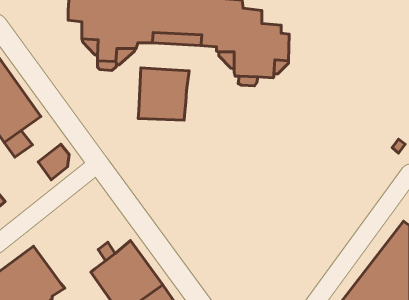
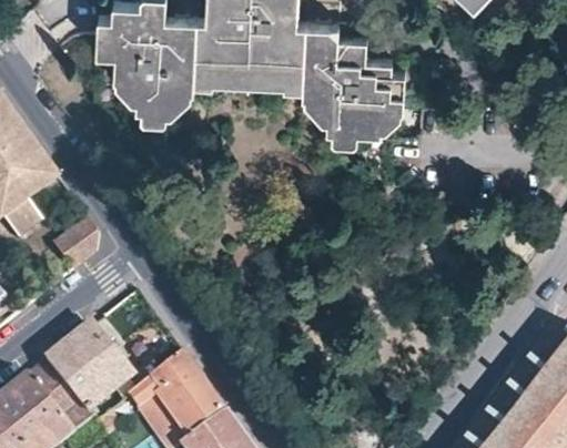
building: [138,68,189,120] -> none
building: none -> [50,322,134,408]

